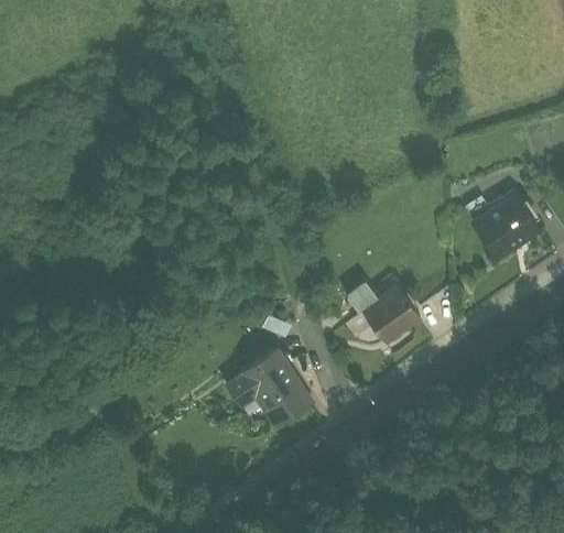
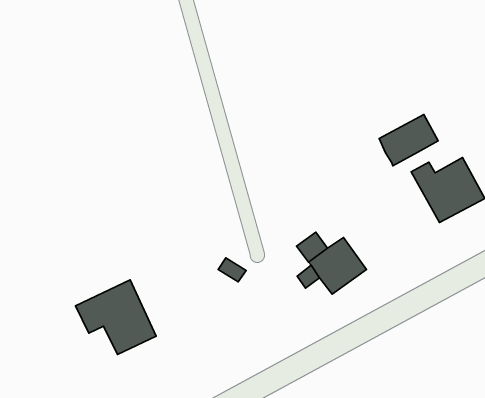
building: none -> [379,115,438,166]
building: [224,345,314,427] -> [76,280,156,354]

